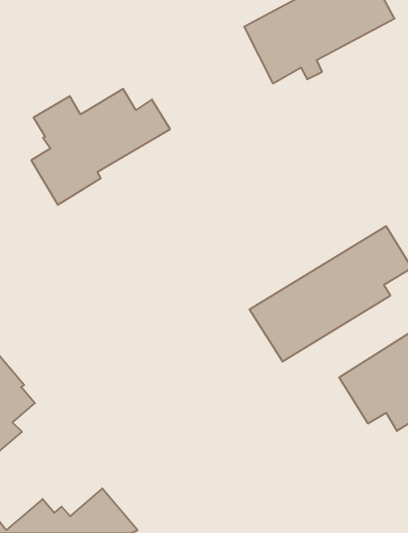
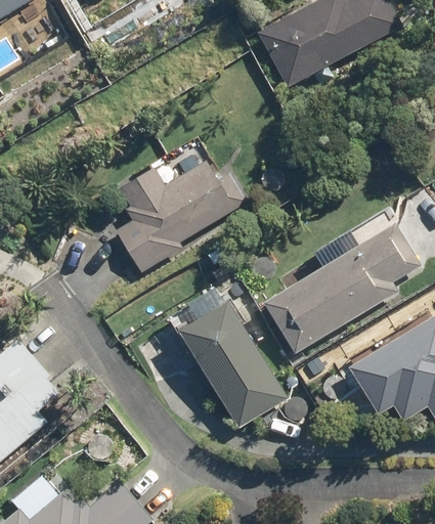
building: [31,89,170,205] -> [116,161,249,272]
building: none -> [176,289,289,429]

